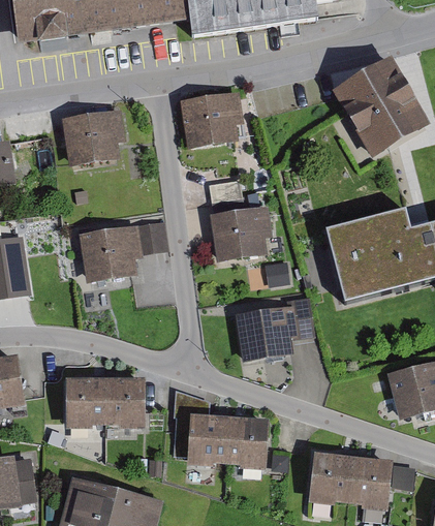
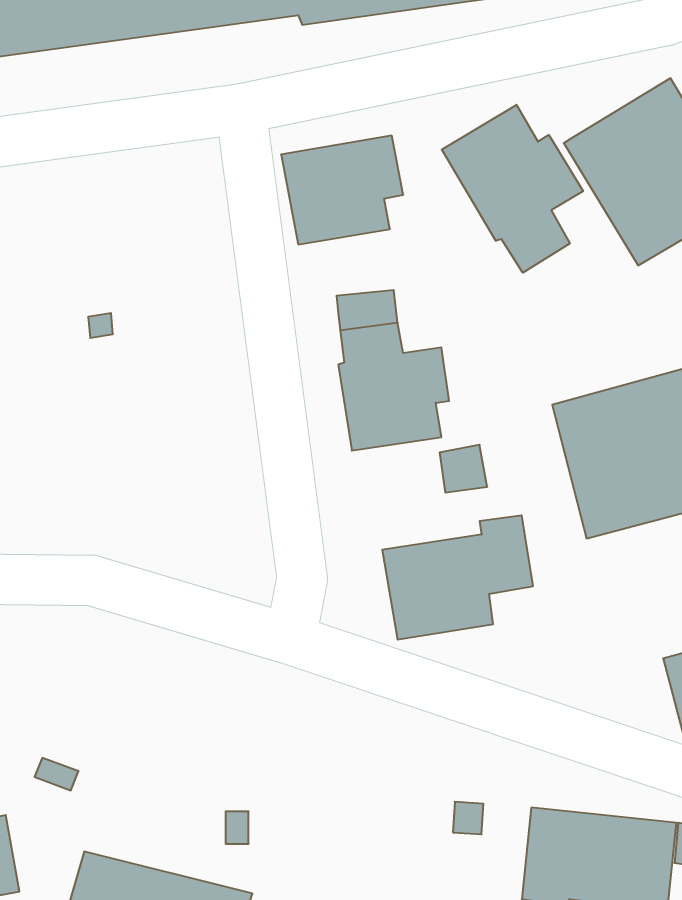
building: none -> [442,105,583,273]
building: [62,107,126,164] -> none
building: [79,218,169,282] -> none
building: [67,378,146,429] -> none
building: [174,385,269,470] -> none

